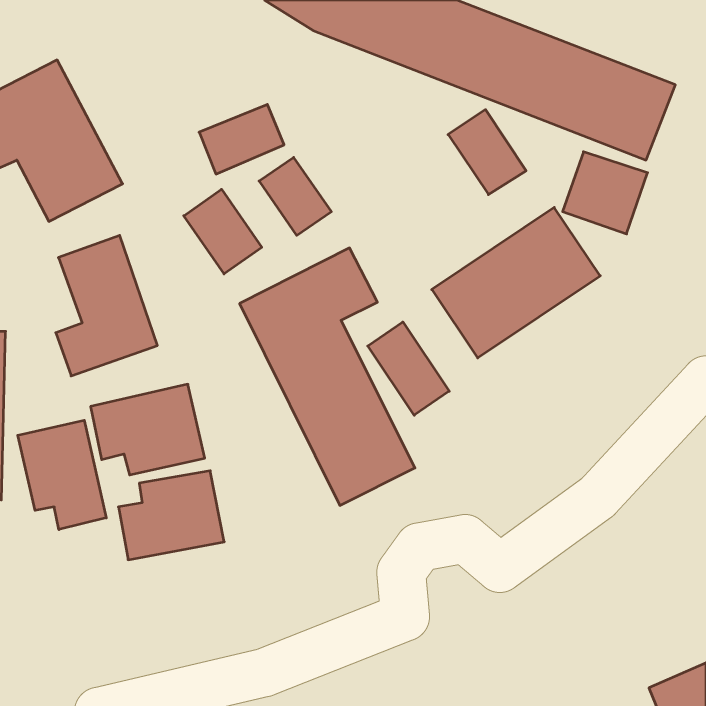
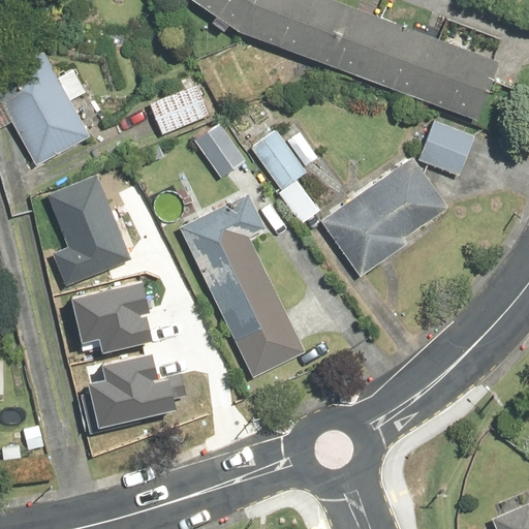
building: [448,110,526,195] -> [251,127,309,190]
building: [184,189,262,274] -> none
building: [368,322,449,415] -> none
building: [18,420,106,530] -> none

